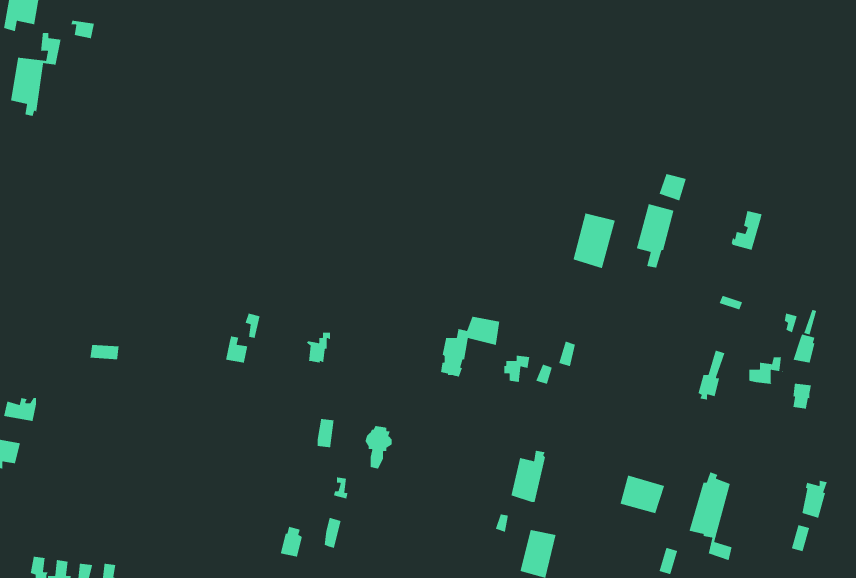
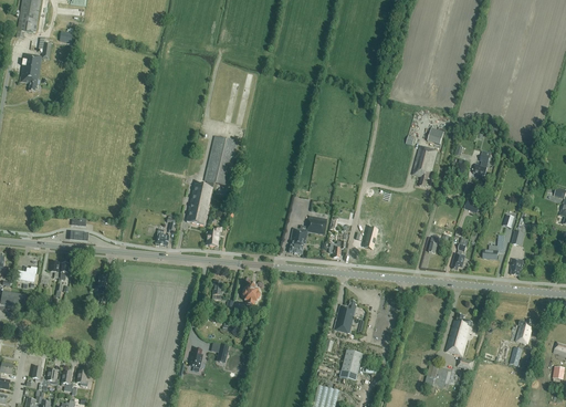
building: none -> [187,135,238,225]
building: [573,213,616,269] -> none
building: [620,475,665,514] -> none

